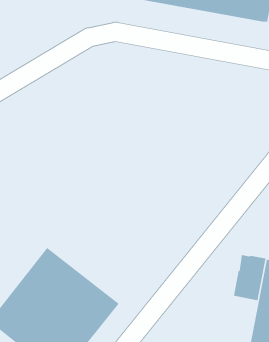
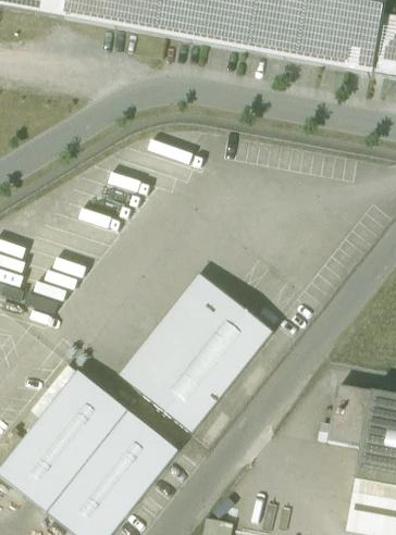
building: none -> [123,273,274,431]

